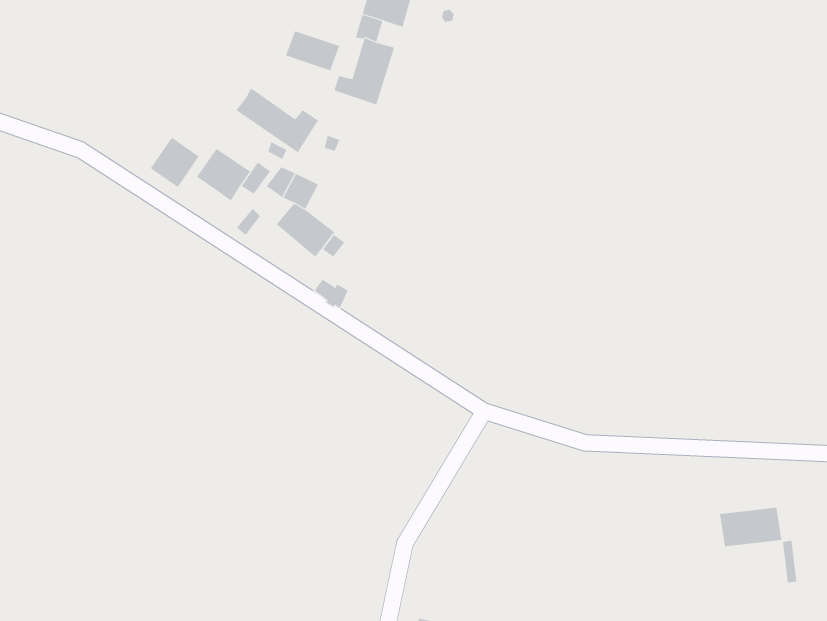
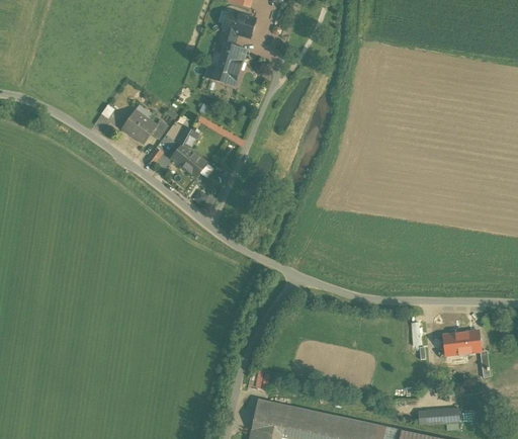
building: [285,31,340,71] -> none
building: [235,88,319,153] -> none

